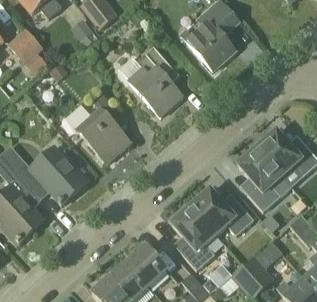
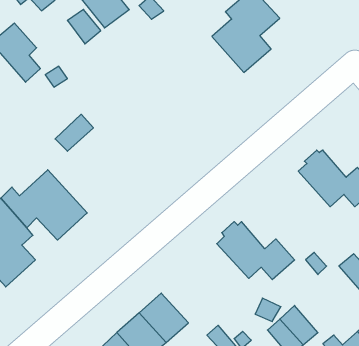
building: [120,45,183,115] -> none
building: [76,90,131,163] -> none
building: [238,147,283,211] -> none
building: [172,206,217,270] -> none

